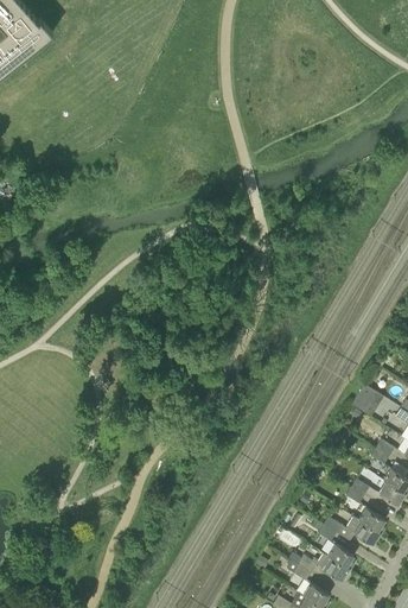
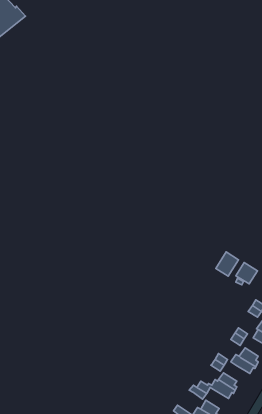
building: none -> [216,252,239,276]

